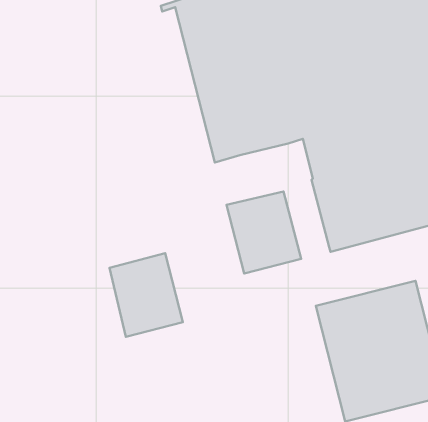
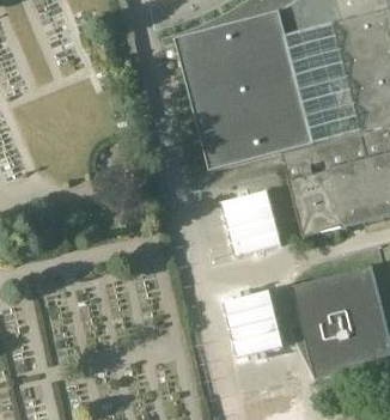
building: [110,253,183,337] -> [224,288,284,357]

